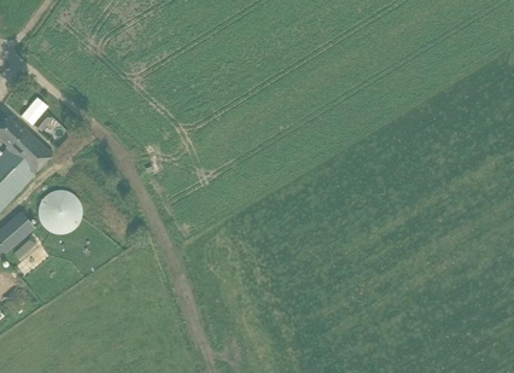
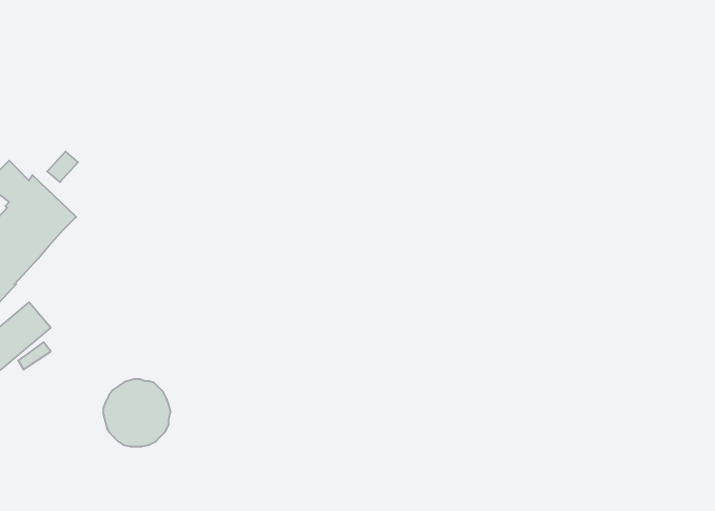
building: [37,188,82,233] -> [103,379,171,446]

